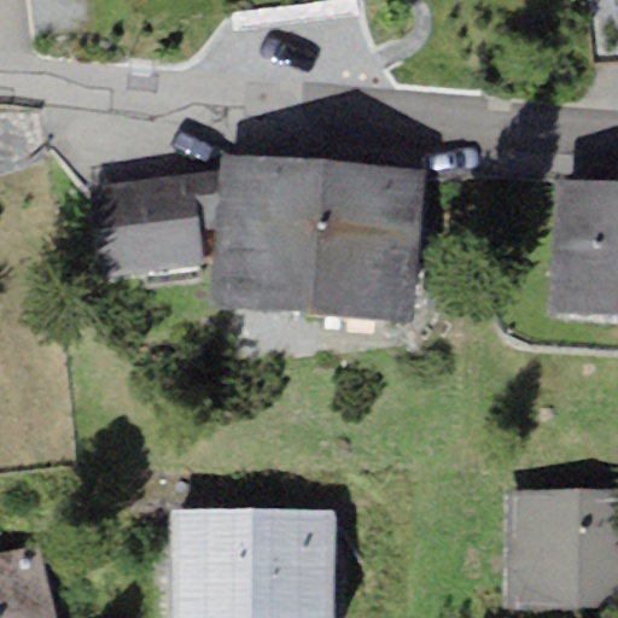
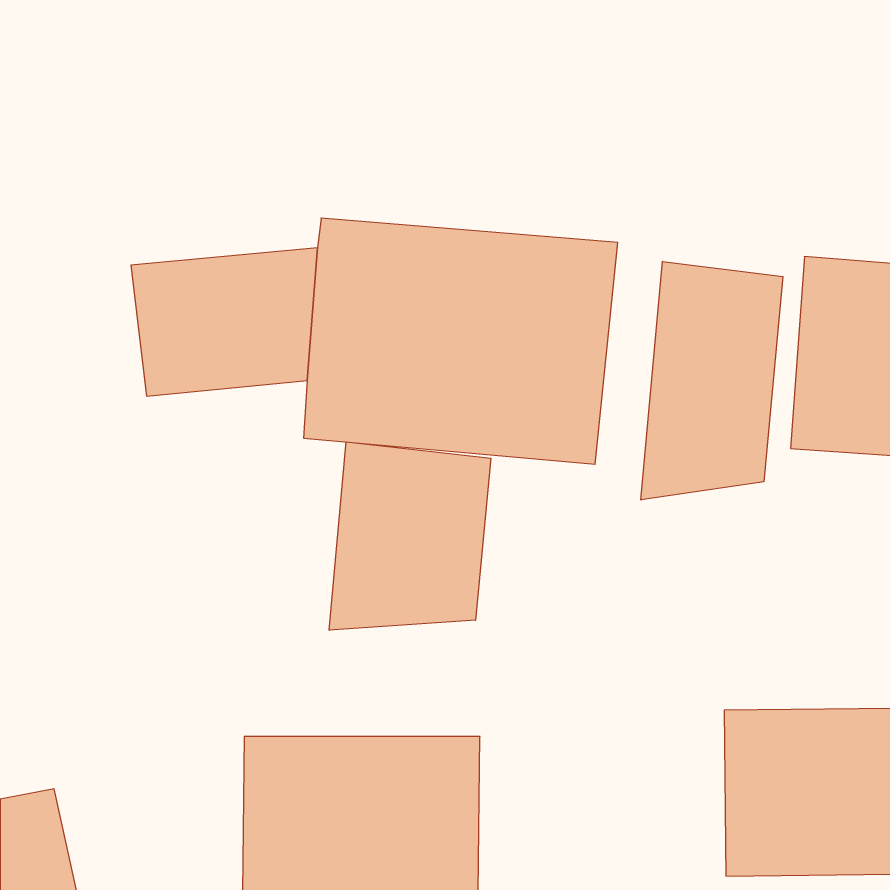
building: none -> [641,261,783,500]
building: none -> [329,442,491,630]

